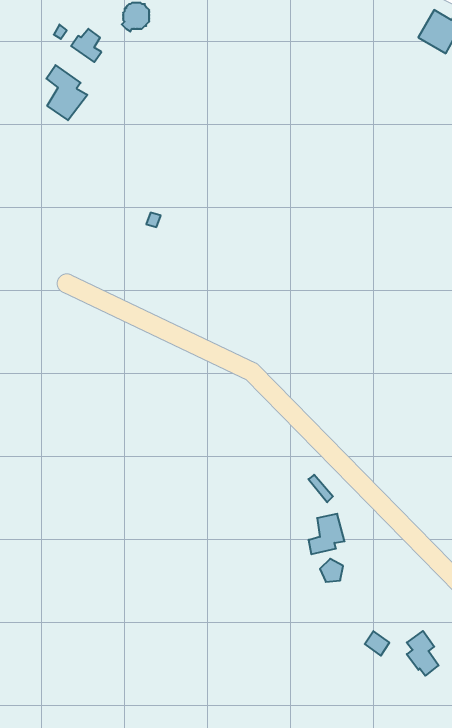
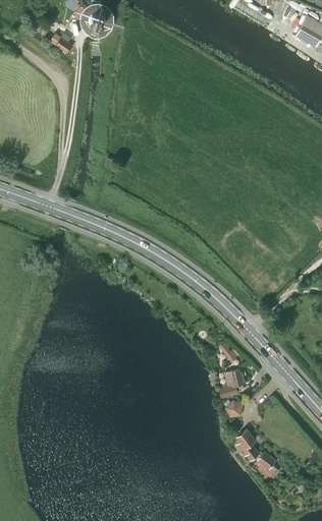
building: [46,65,87,120] -> none
building: [407,631,439,676] -> [236,428,259,460]

